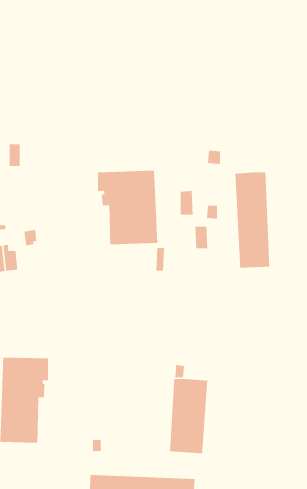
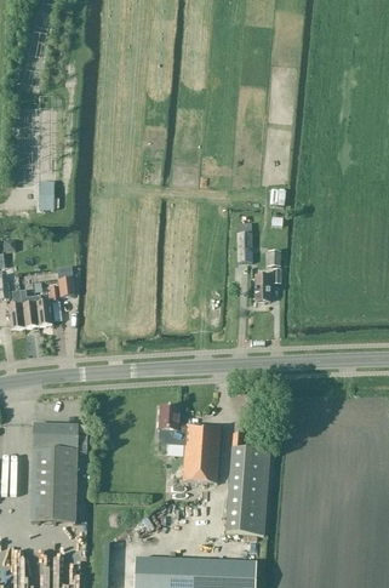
building: [97,170,158,245] -> none
building: [235,172,270,268] -> none
building: none -> [158,405,219,481]

